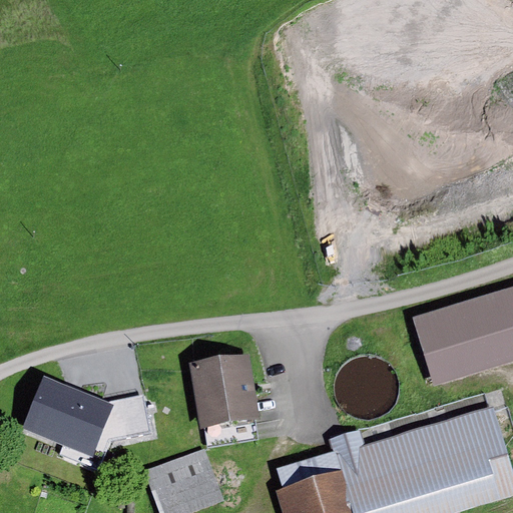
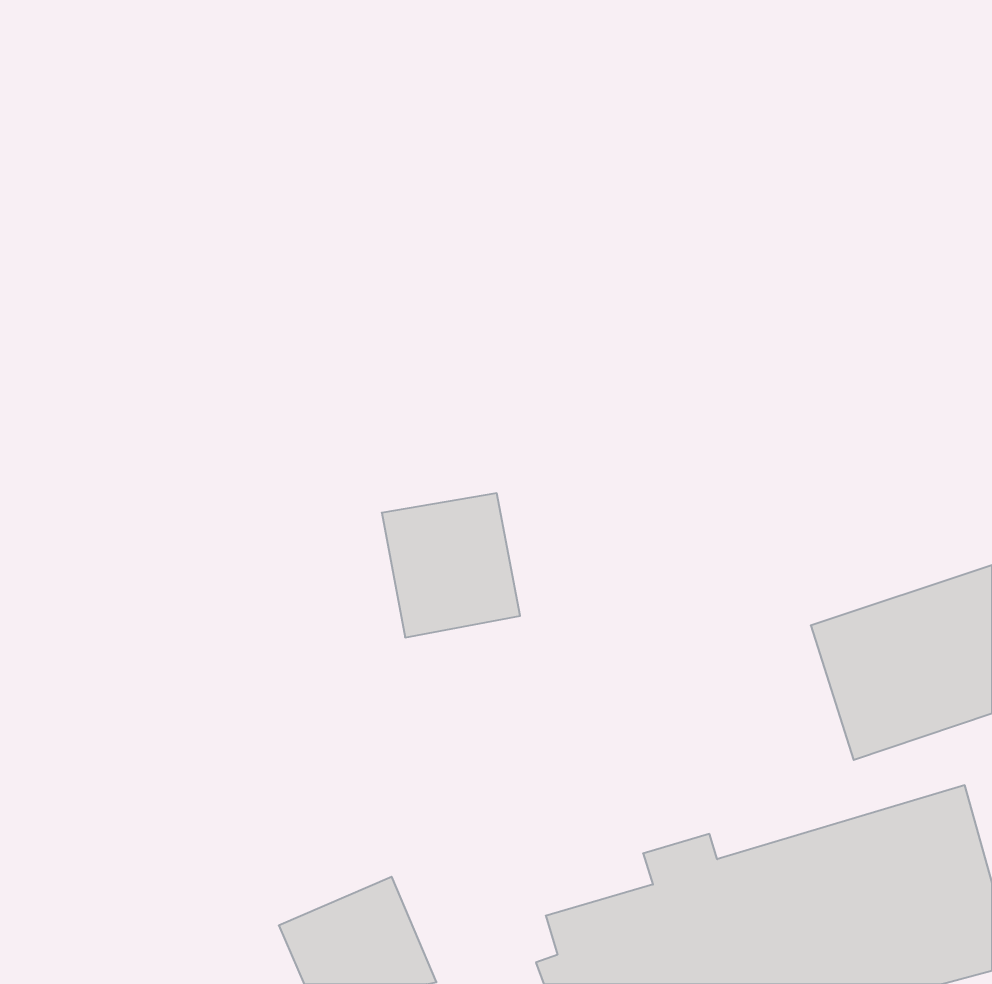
building: [187,353,259,427] -> [382,493,520,637]
building: [19,373,154,469] -> none

